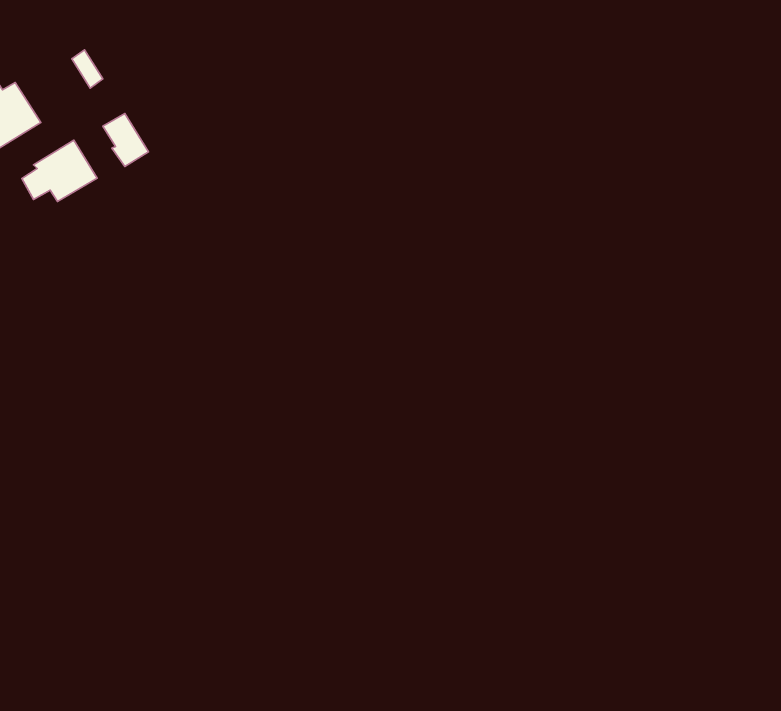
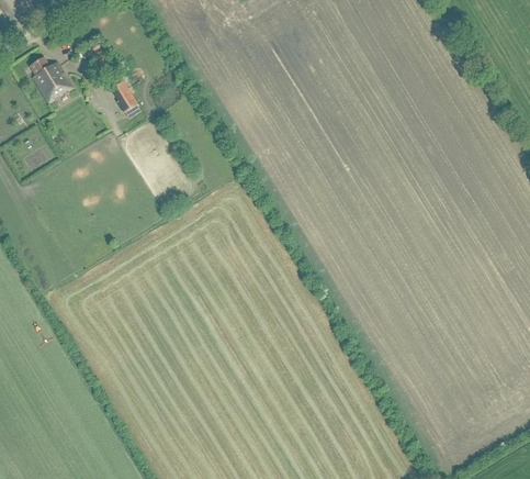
building: [22,140,97,201] -> none

